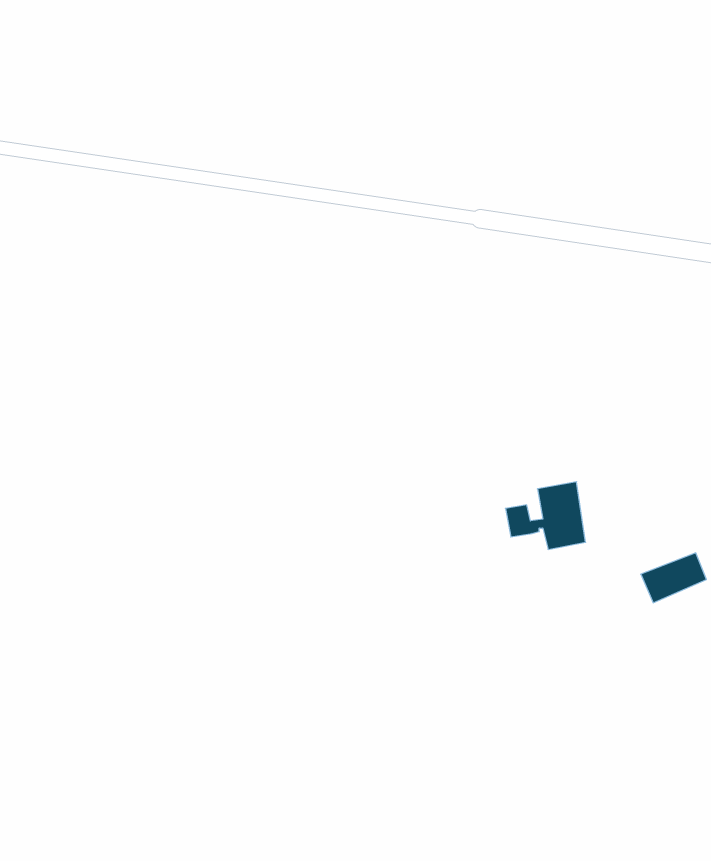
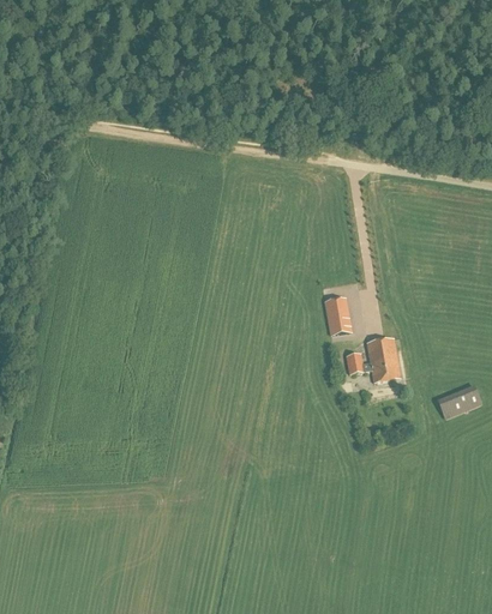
building: none -> [325,297,352,335]

